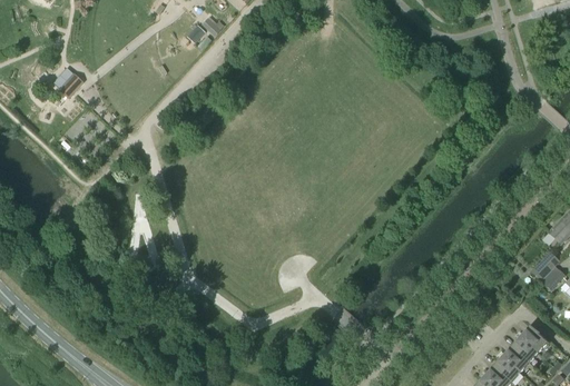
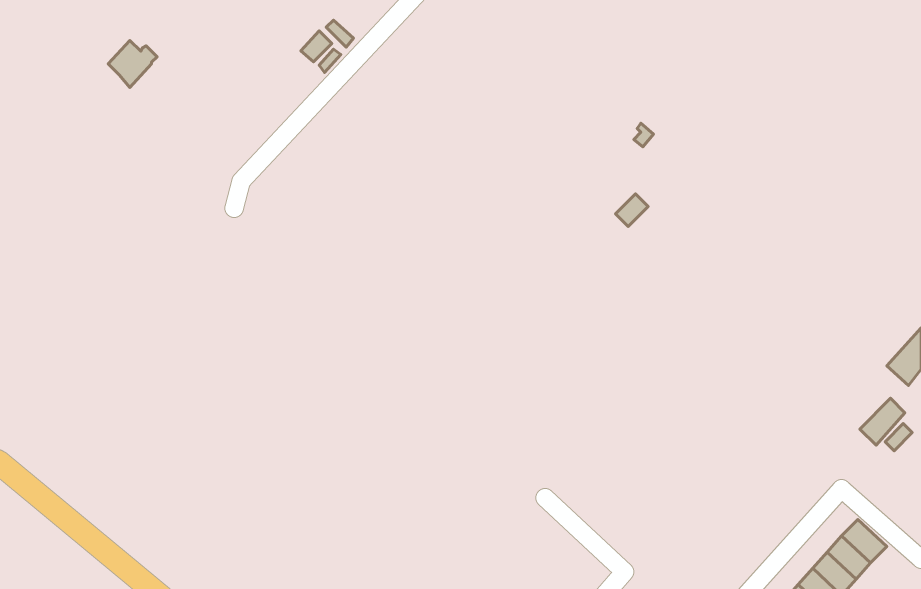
building: [55,68,85,97] -> [108,40,157,87]

